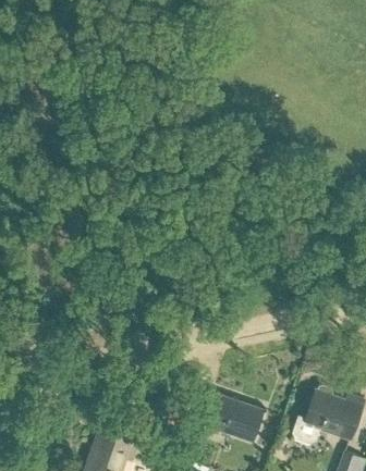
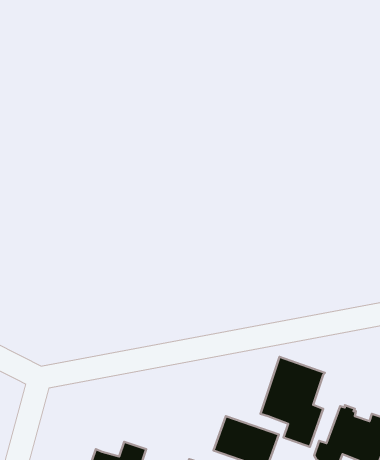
building: none -> [260,357,325,447]

